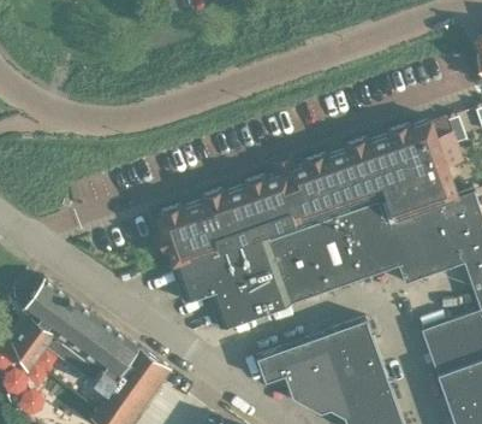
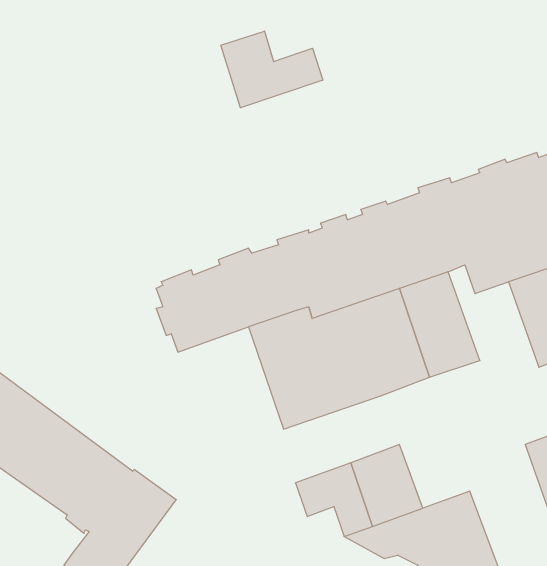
building: none -> [221,31,323,108]
building: [367,202,432,284] -> none
building: [171,247,249,330] -> none
building: [332,319,382,377] -> none

